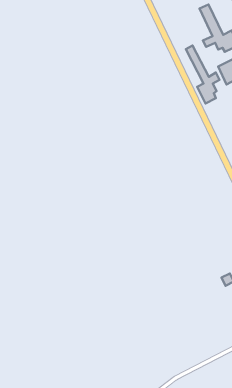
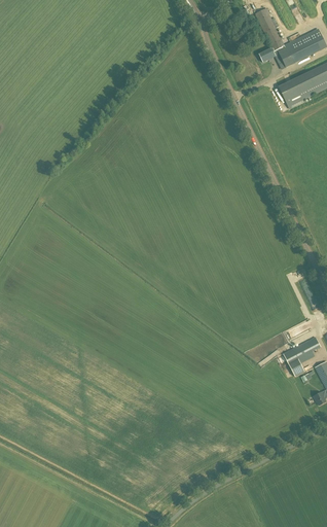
building: [186,46,219,104] -> none

